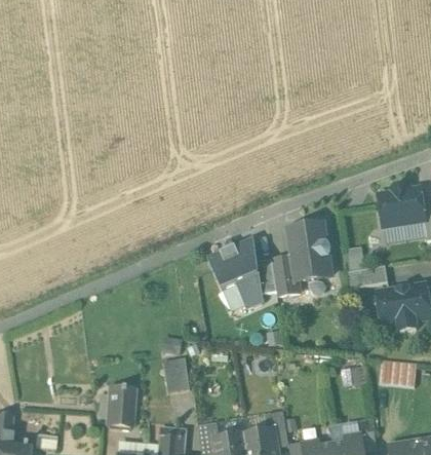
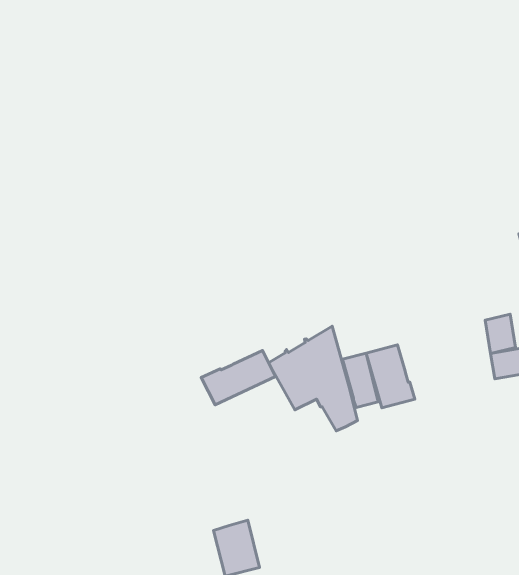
building: [289,224,330,280] -> none
building: none -> [201,351,275,405]

